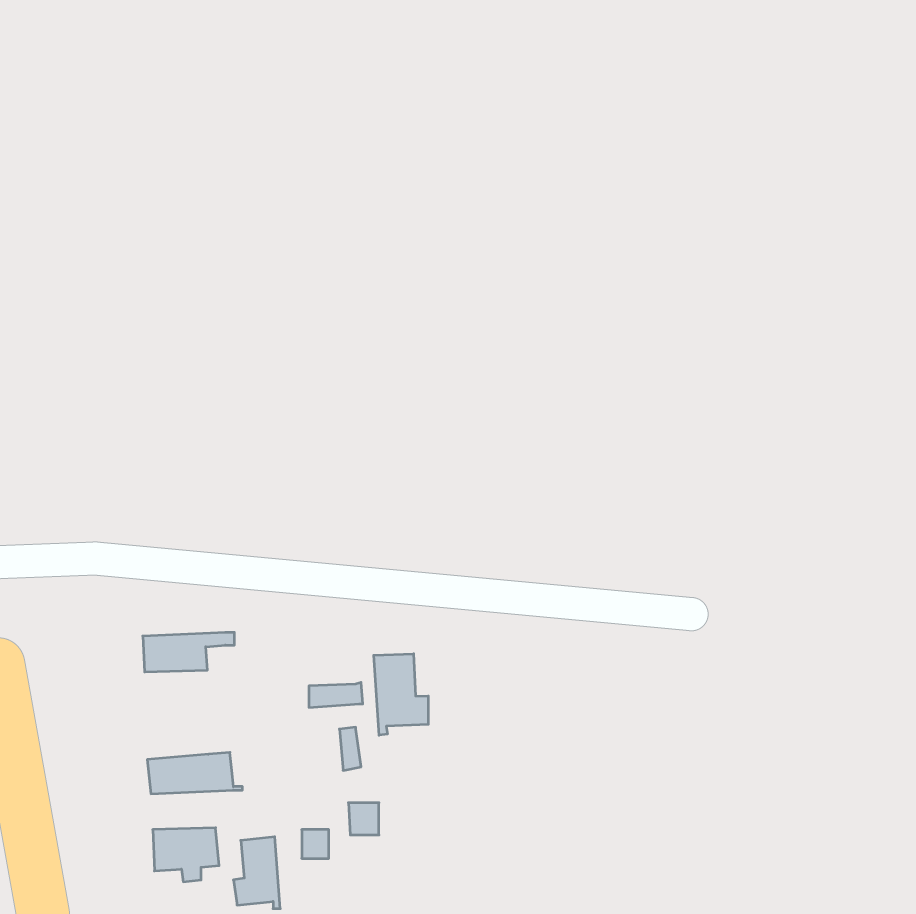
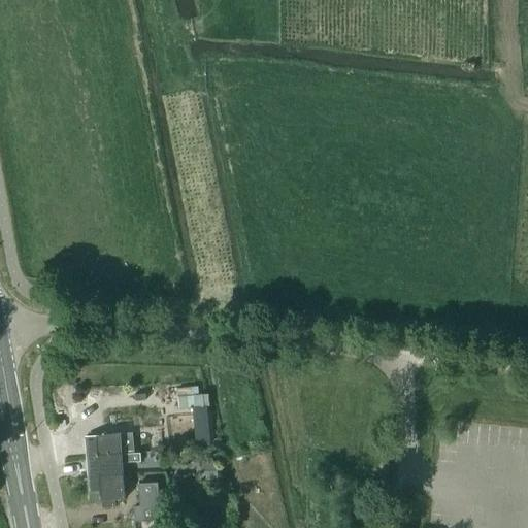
building: [143,632,234,672] -> [87,454,139,476]
building: [374,654,428,735] -> none

